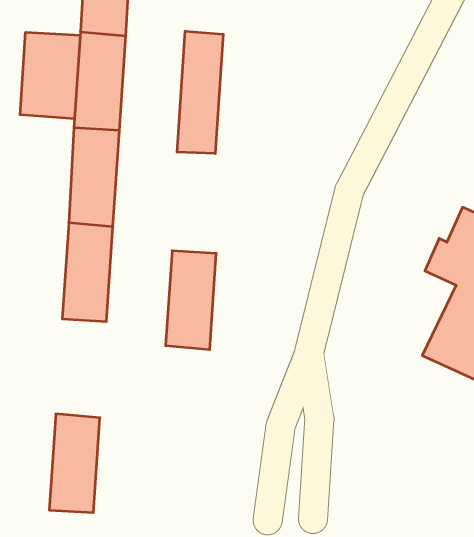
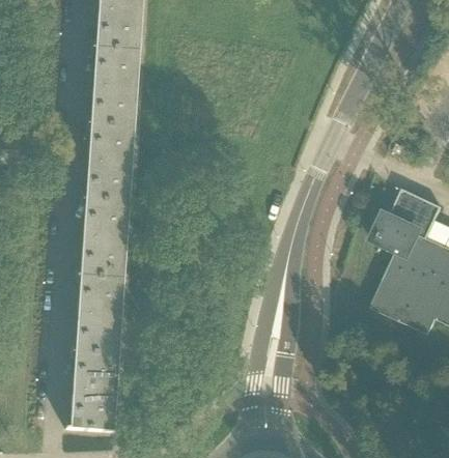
building: [177,31,223,154] -> none
building: [20,32,80,119] -> none
building: [166,251,216,350] -> [78,278,118,356]

